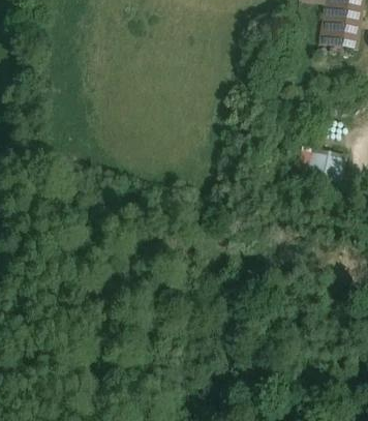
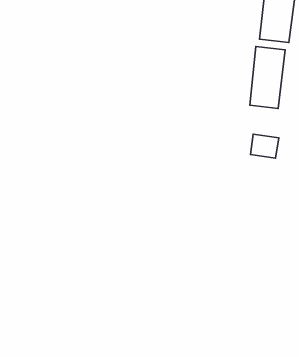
building: none -> [250,46,285,108]

